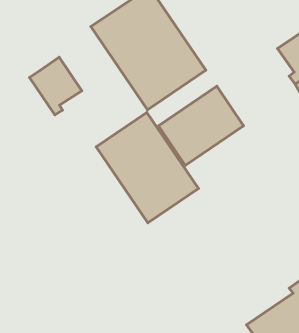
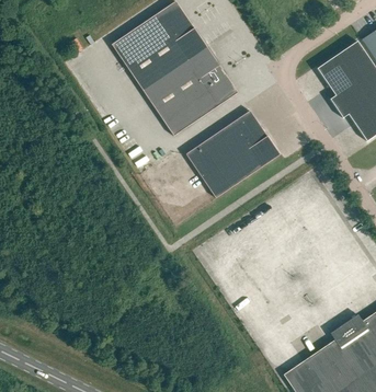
building: [30,57,82,115] -> none
building: [96,113,198,223] -> none

